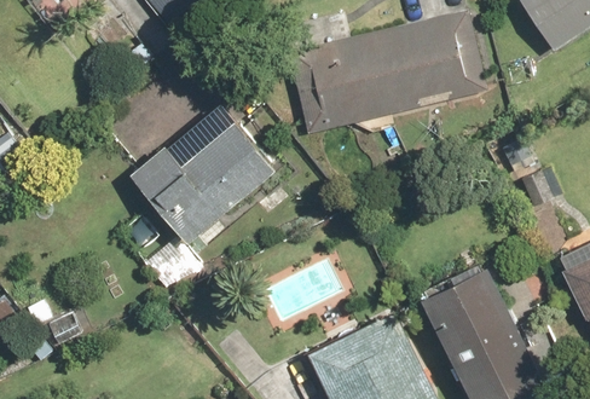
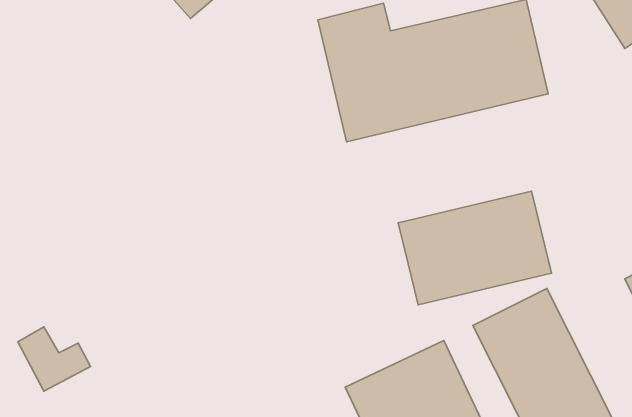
building: [132,104,277,287] -> none
building: none -> [398,191,551,305]

